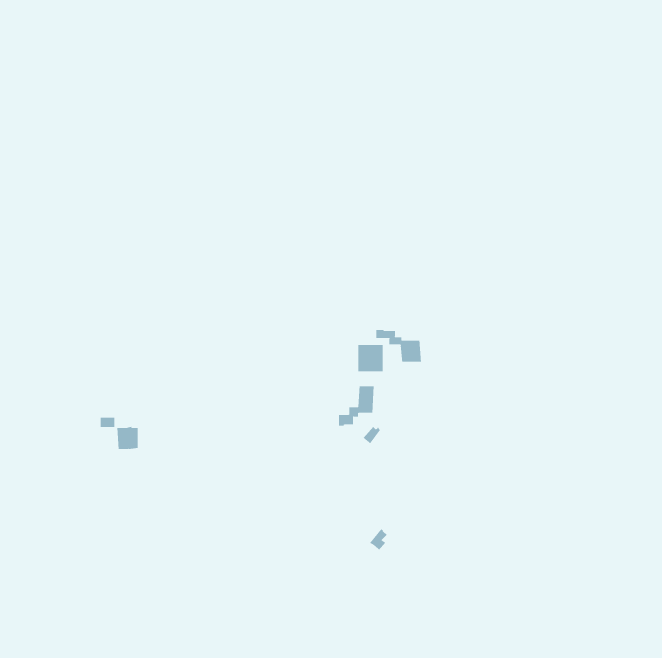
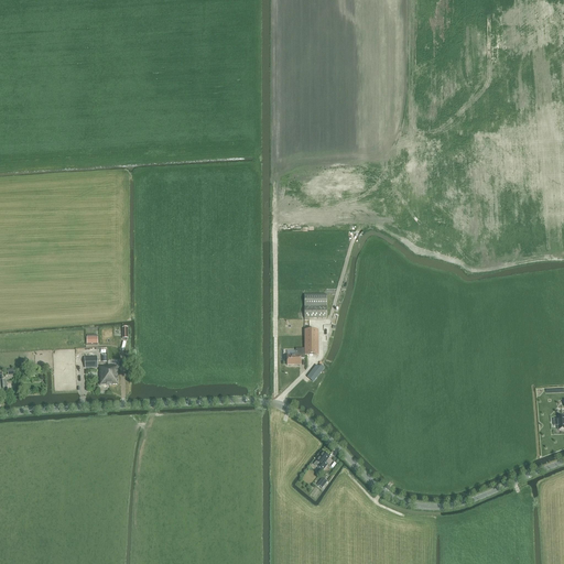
building: [376,329,422,363] -> none

